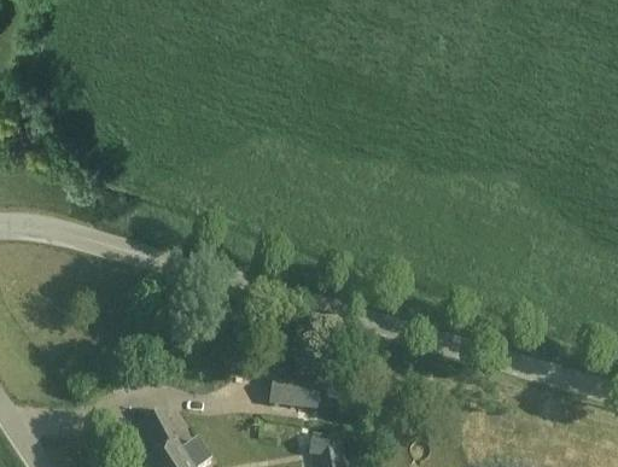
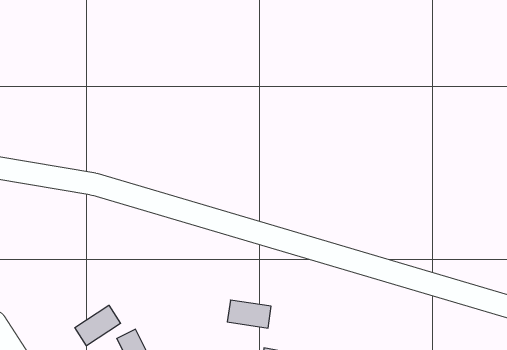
building: none -> [75,305,121,346]

